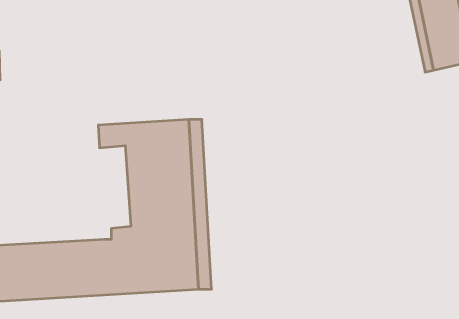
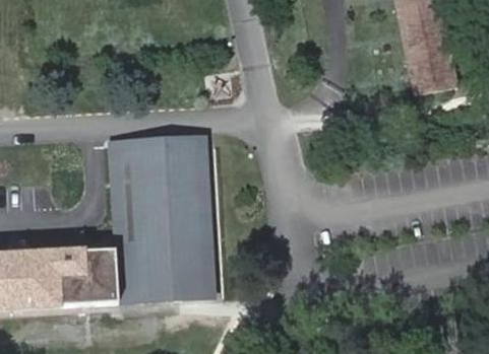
building: none -> [109,160,138,249]

